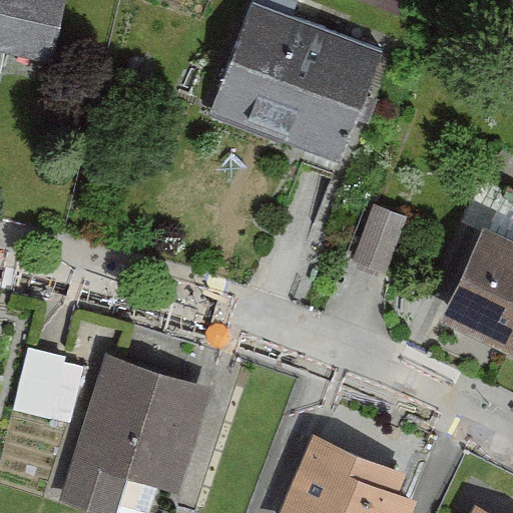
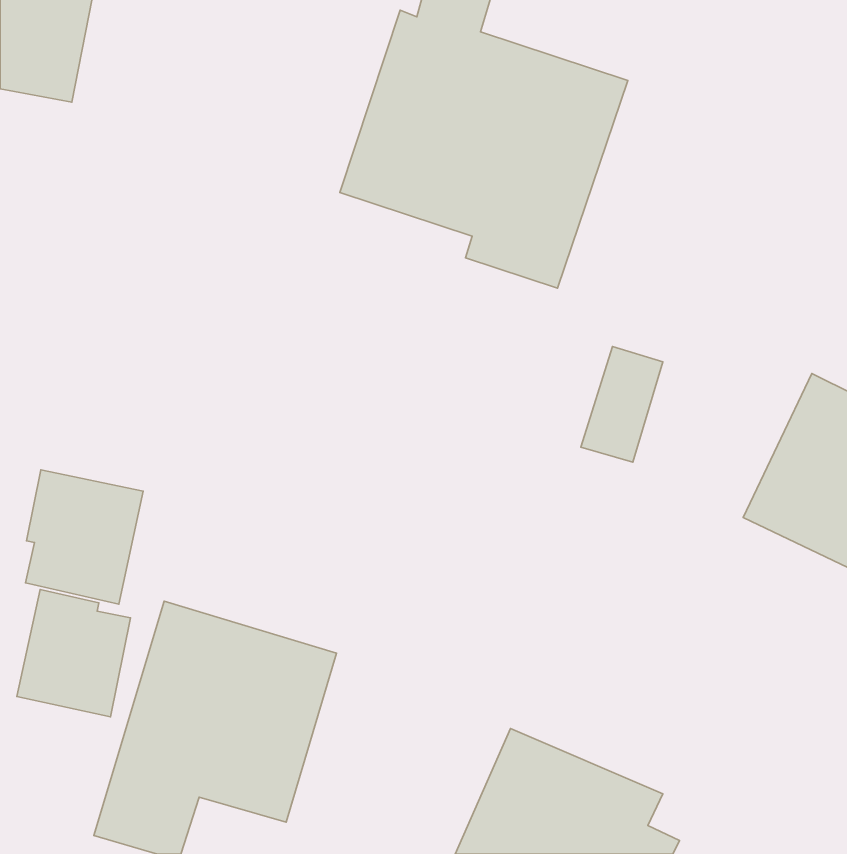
building: none -> [25,470,143,604]

